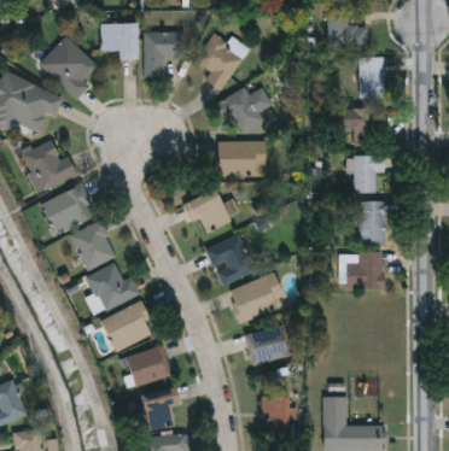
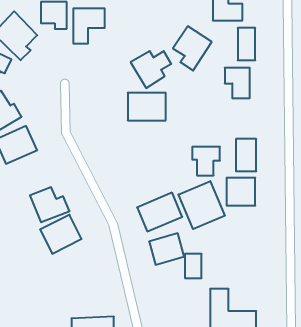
building: [194,33,245,90] -> [173,26,212,71]
building: [346,156,383,193] -> [192,147,220,175]
building: [181,188,229,234] -> none
building: [69,219,117,270] -> none
building: [204,234,255,286] -> none
building: none -> [178,181,225,229]
building: [124,345,170,386] -> none
building: [138,387,176,430] -> none
building: [264,396,286,427] -> [185,254,202,278]

